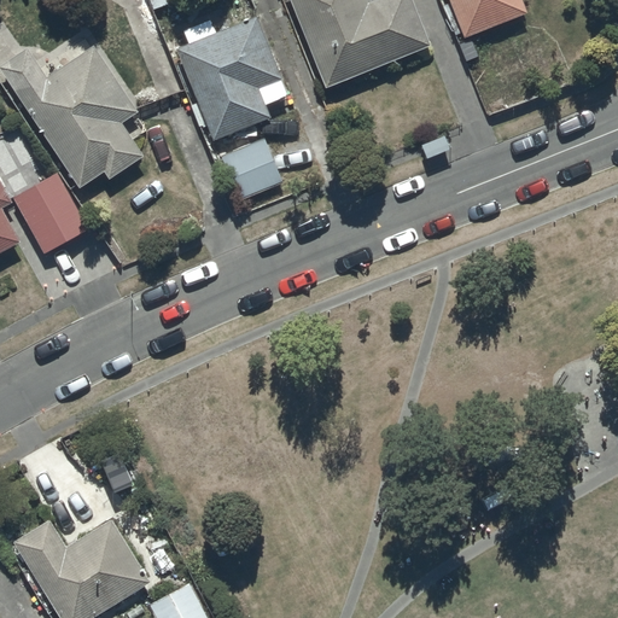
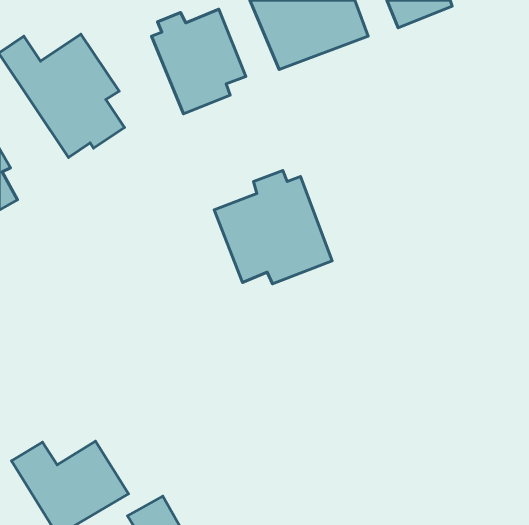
building: [220,138,281,202] -> none
building: [13,174,87,252] -> none
building: none -> [214,170,332,284]

